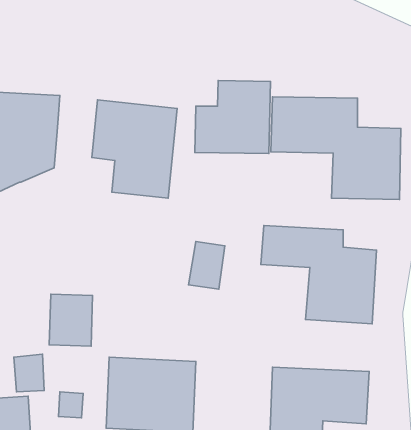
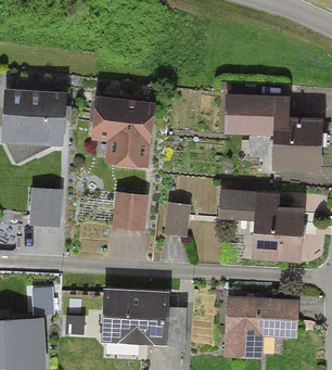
building: [195,81,271,153] -> none
building: none -> [113,191,149,230]
building: [49,294,93,346] -> [30,187,63,226]

